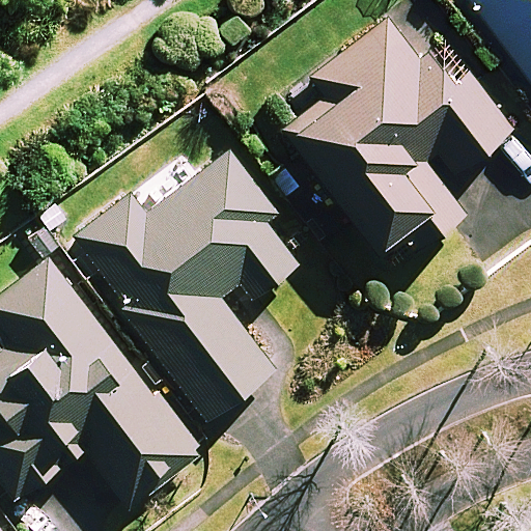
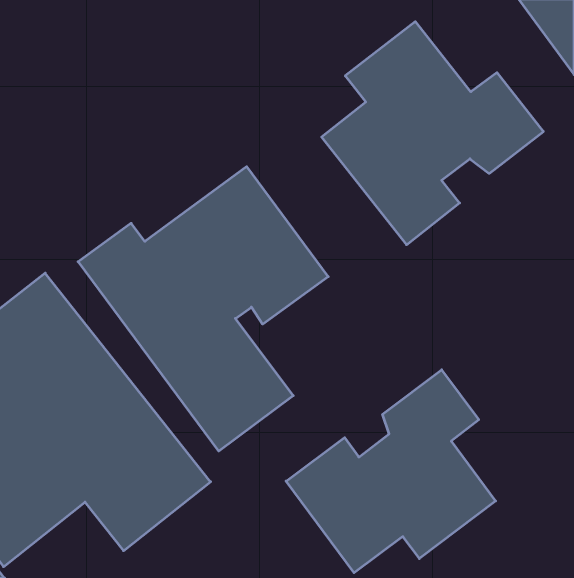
building: none -> [286,370,496,573]

